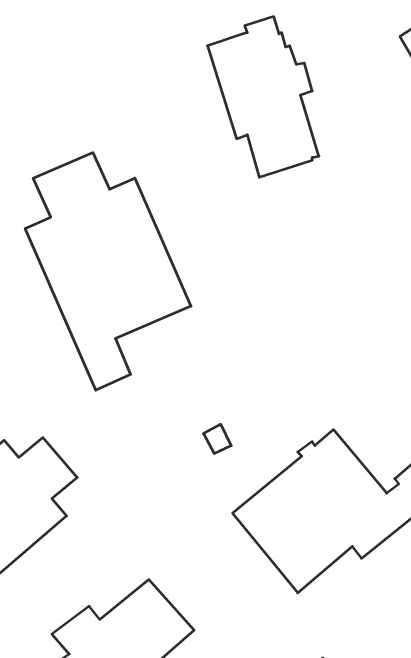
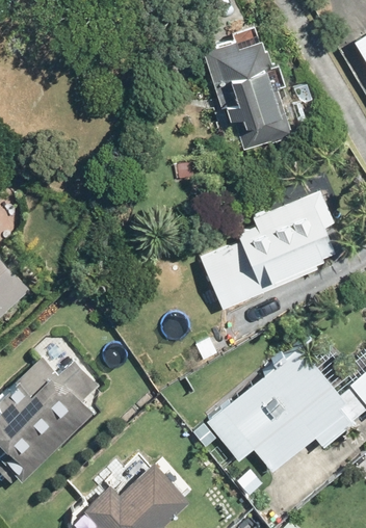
building: [25,153,191,390] -> none
building: none -> [199,190,333,311]

